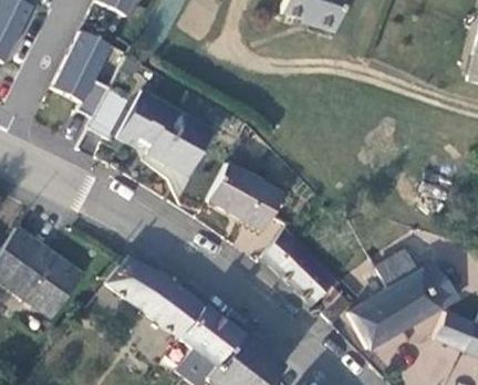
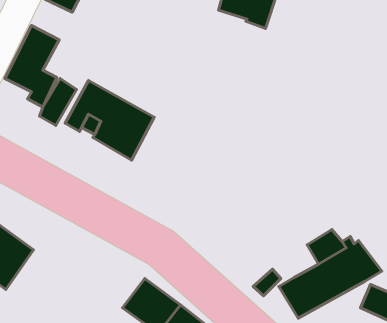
building: [207,164,283,231] -> none
building: [264,229,337,303] -> none
building: [107,259,204,337] -> none

